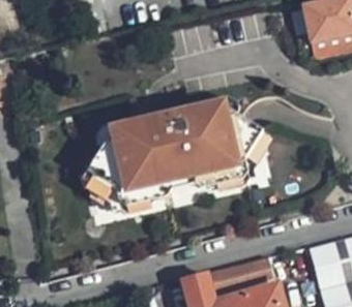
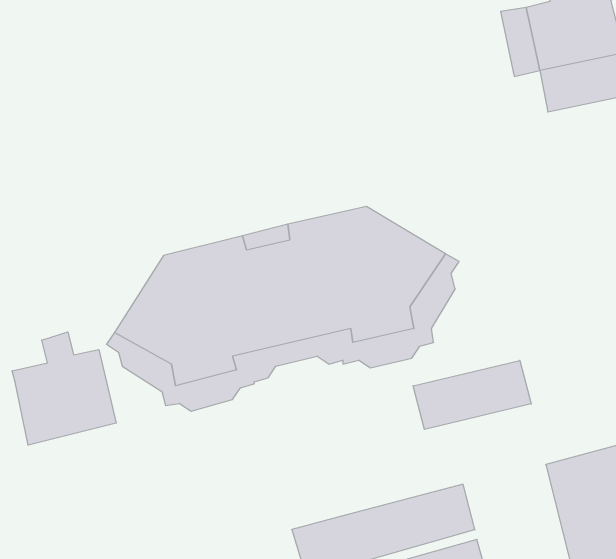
building: none -> [12,332,116,445]
building: none -> [413,360,531,429]

